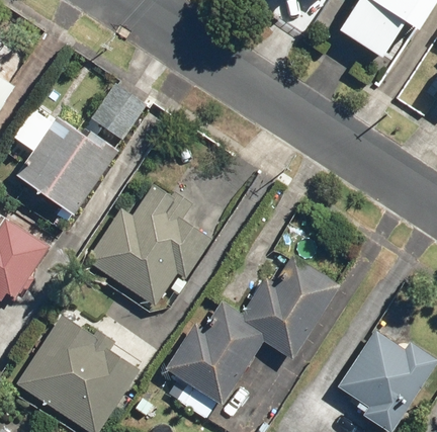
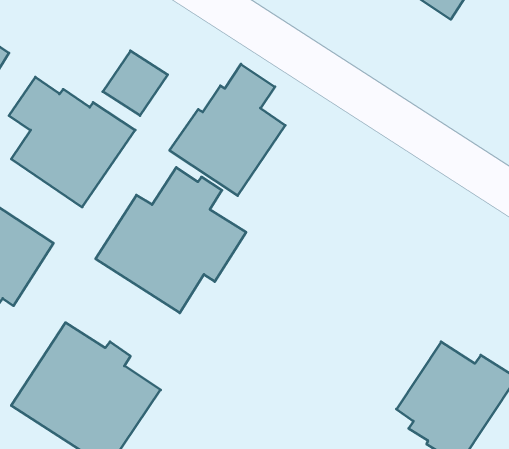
building: none -> [170,64,285,196]
building: [163,256,336,405] -> none

